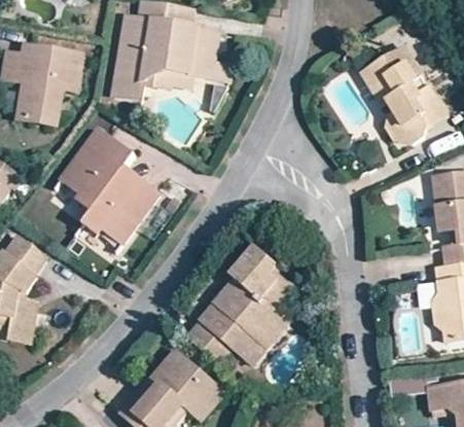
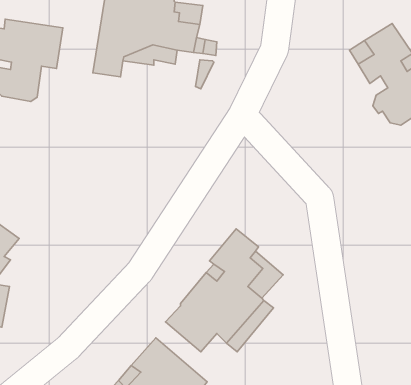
building: [64,130,159,242] -> none

